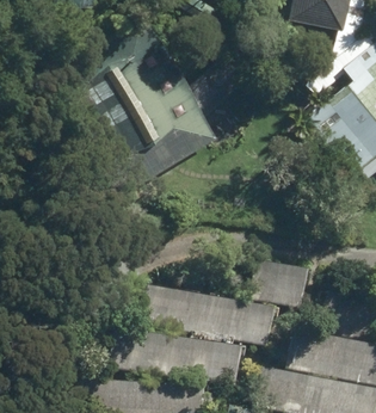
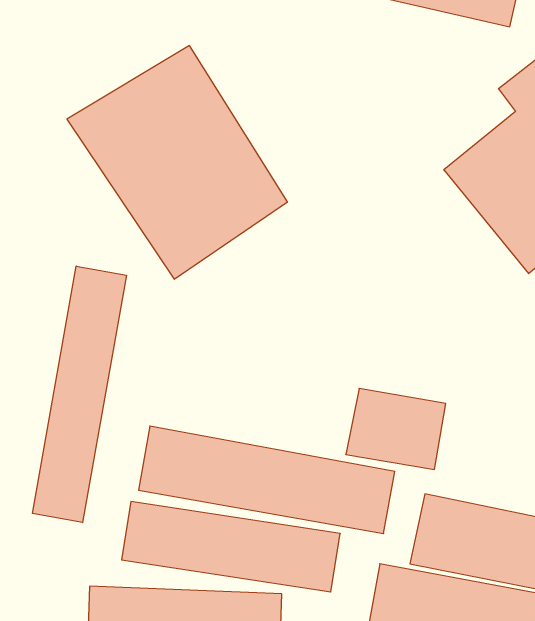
building: none -> [32,266,126,523]

